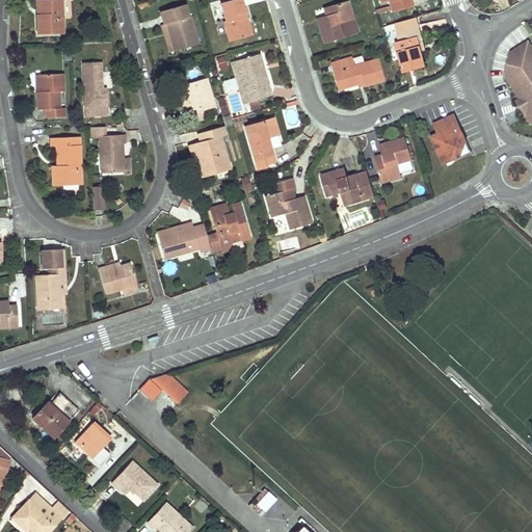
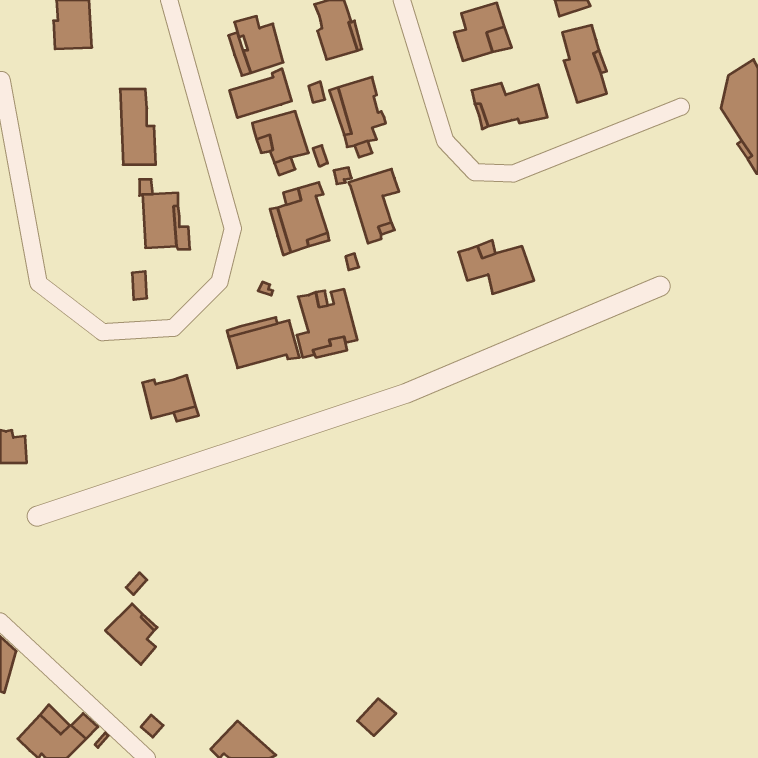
building: none -> [230,69,292,118]
building: [38,74,64,117] -> none
building: [431,115,467,163] -> none
building: [52,137,80,186] -> none
building: [375,138,411,182] -> none
building: [266,179,312,229] -> none
building: [36,249,66,310] -> none
building: [137,376,186,407] -> none
building: [33,394,78,436] -> none
building: [111,461,158,501] -> none

